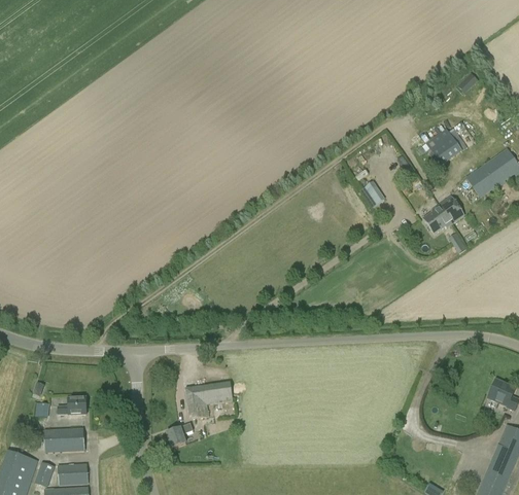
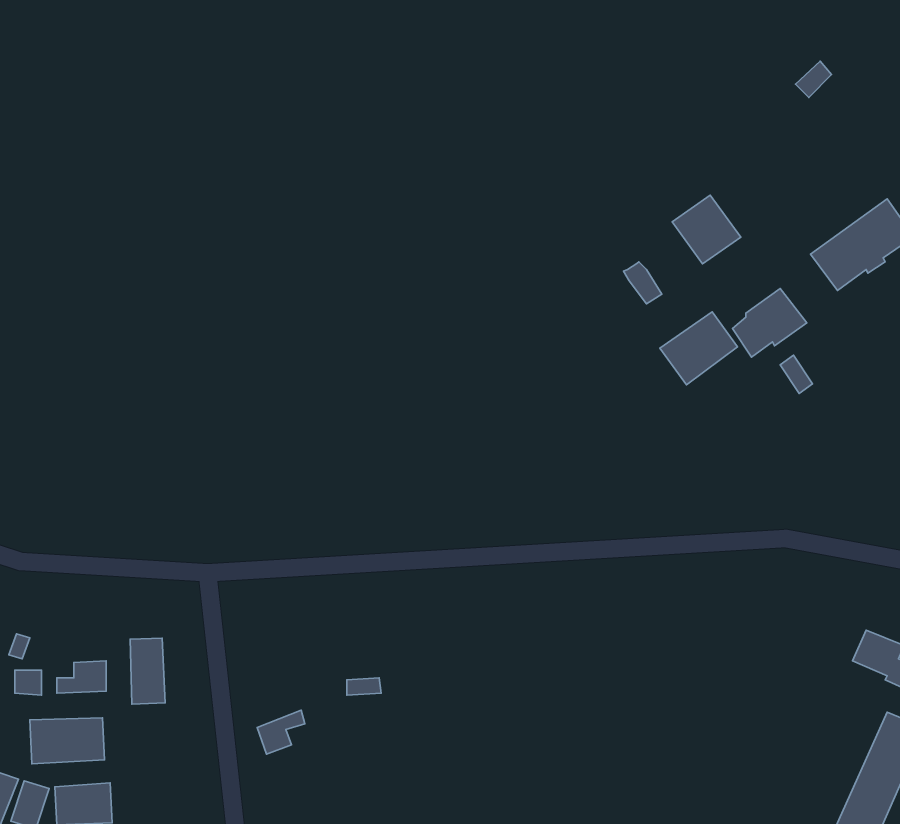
building: [425,128,462,165] -> [672,195,741,264]
building: none -> [660,312,737,385]
building: [185,382,233,418] -> none
building: none -> [130,638,165,704]

